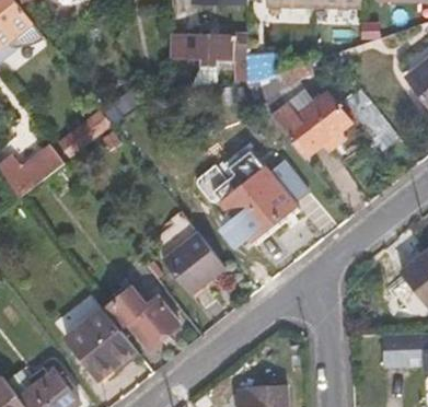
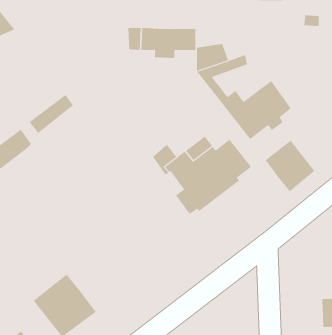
building: none -> [265,140,315,192]
building: [151,210,222,291] -> none
building: [102,288,176,346] -> none

